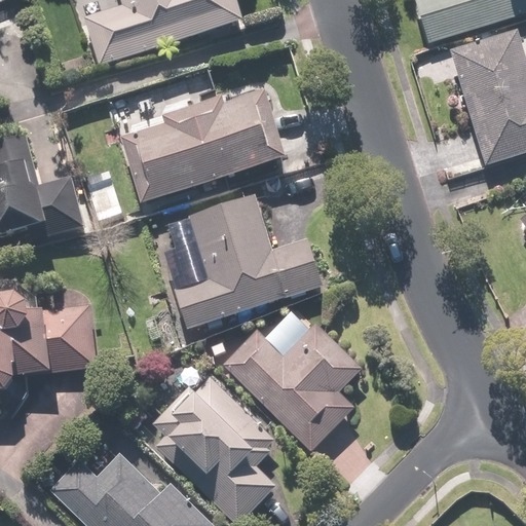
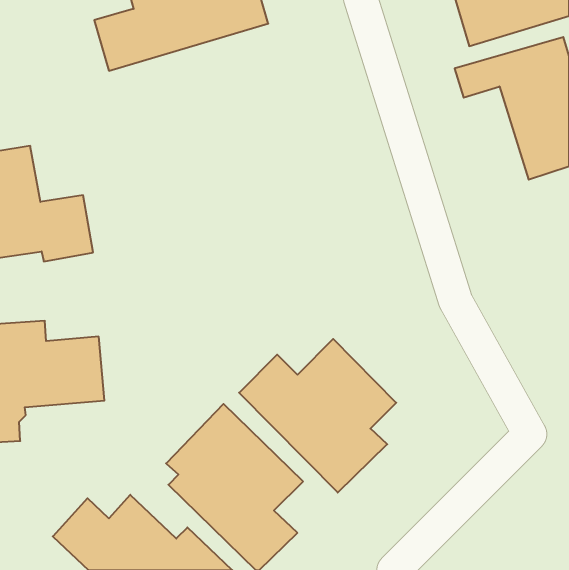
building: [121,91,289,200] -> none
building: [154,196,326,330] -> none

